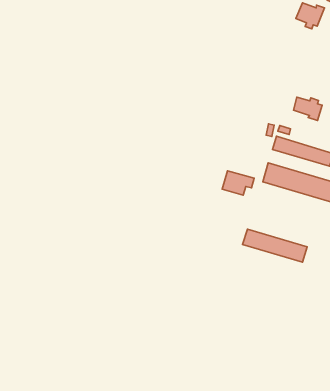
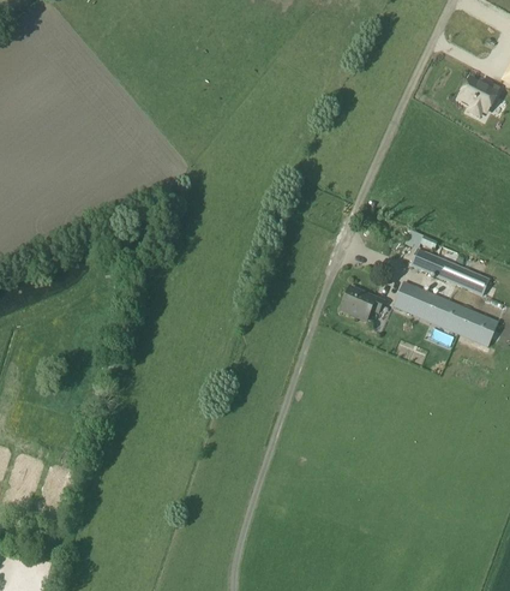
building: [293,97,322,120] -> none
building: [243,229,307,262] -> none

